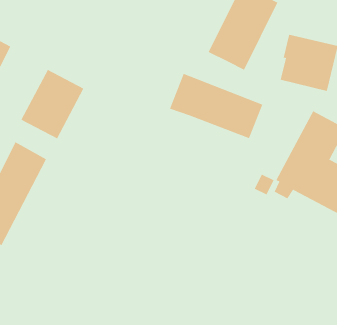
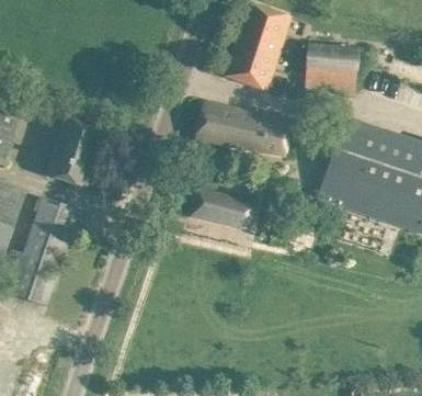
building: none -> [191,190,251,226]

